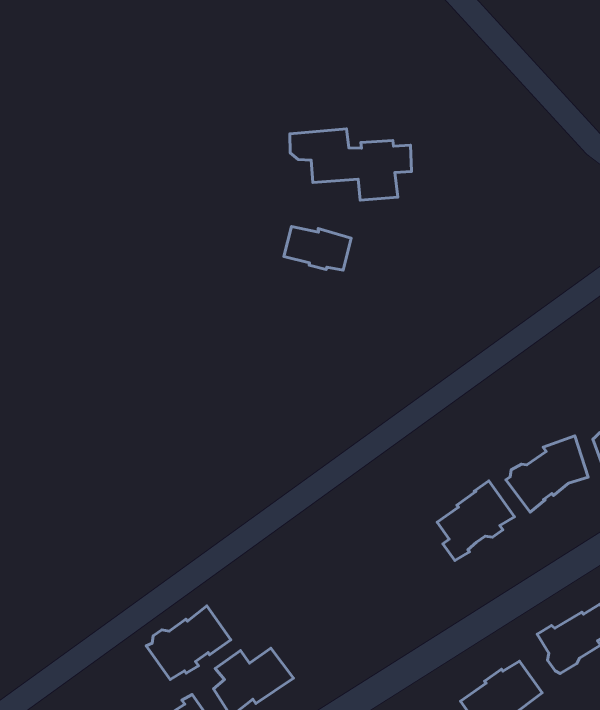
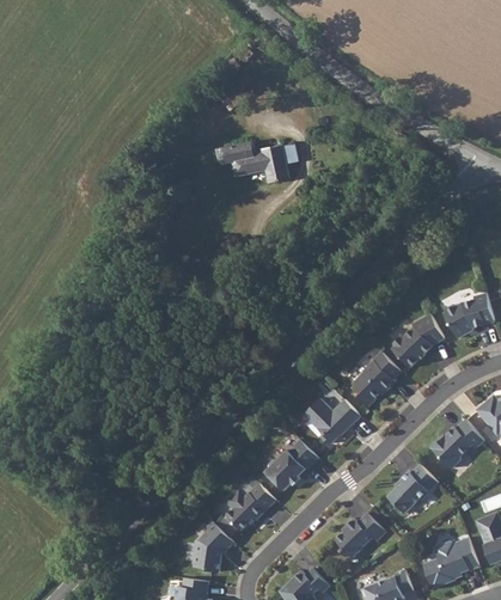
building: [284,226,351,270] -> none
building: none -> [303,398,360,443]
building: [146,606,231,680] -> [264,439,318,490]

